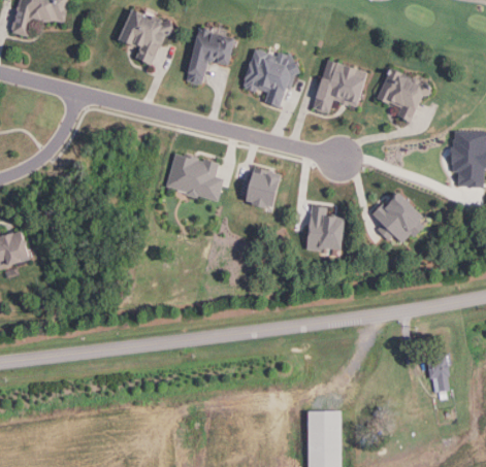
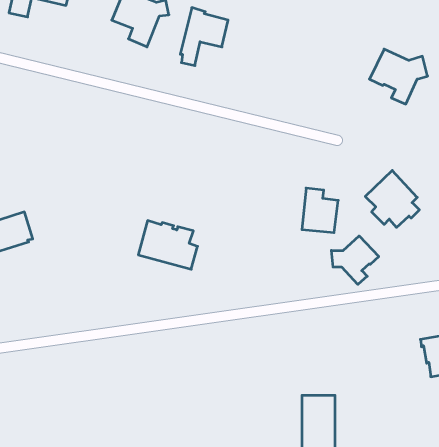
building: [240,48,300,107] -> none
building: [312,61,366,114] -> none
building: [165,154,224,202] -> [138,221,198,269]
building: [240,168,281,210] -> none
building: none -> [331,236,379,284]

